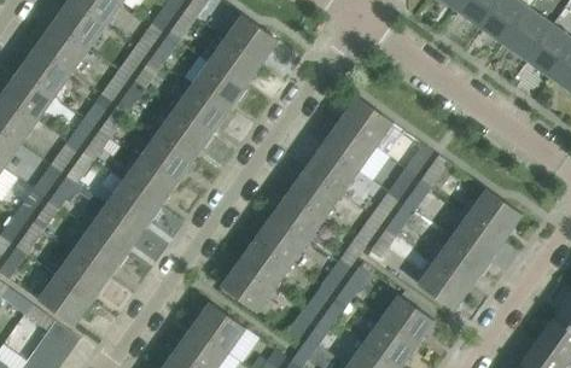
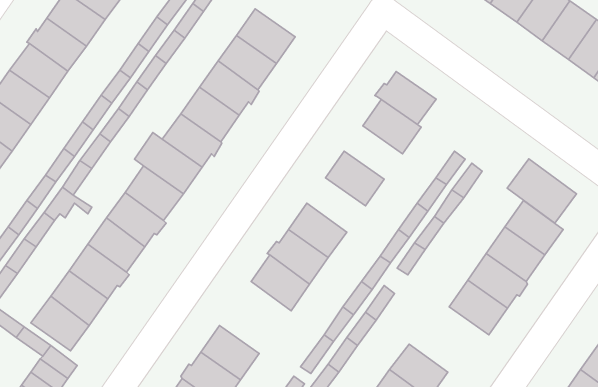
building: [320,121,375,169] -> [375,71,436,125]
building: none -> [507,159,576,223]
building: [289,168,342,217] -> none
building: [221,262,274,311] -> none
building: [381,294,433,344] -> none

